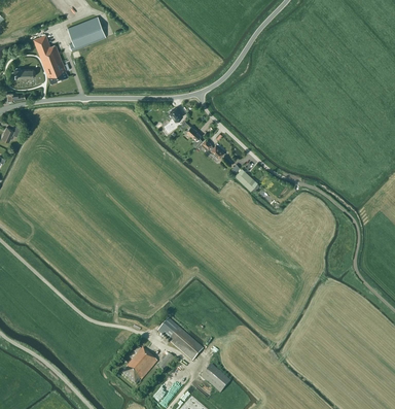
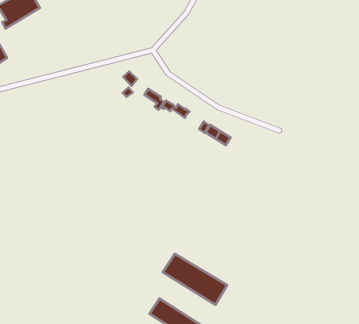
building: none -> [163,254,227,305]

